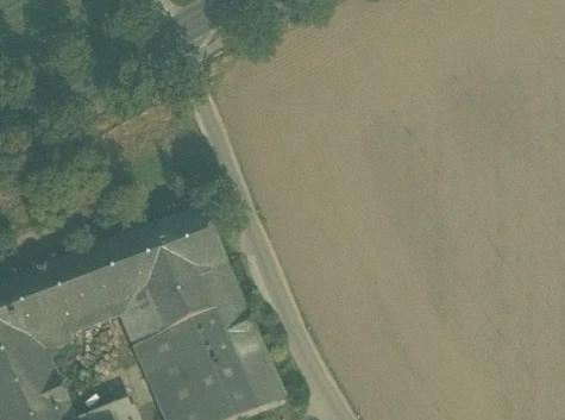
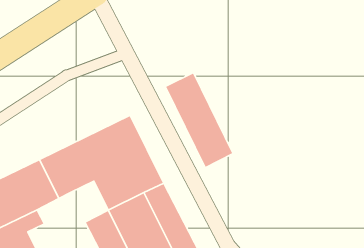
building: none -> [165,72,233,168]
building: [113,289,163,345] -> none

